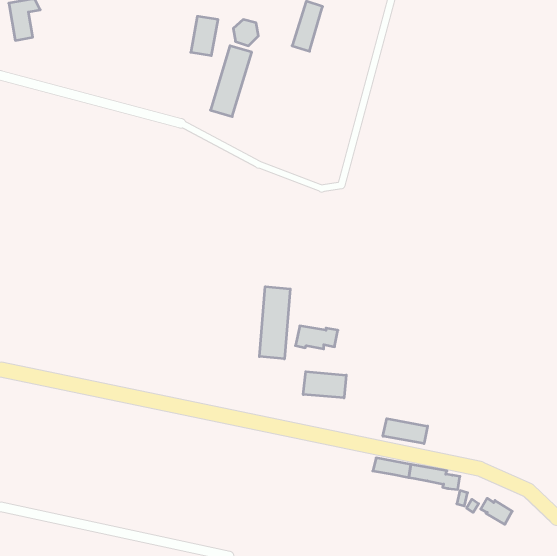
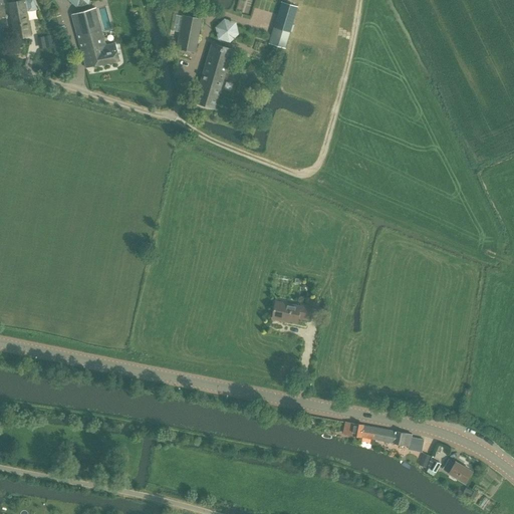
building: none -> [71,8,118,66]
building: [259,287,290,359] -> none
building: [303,372,346,398] -> none
building: [383,419,428,444] -> none

